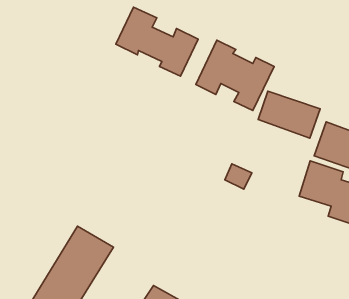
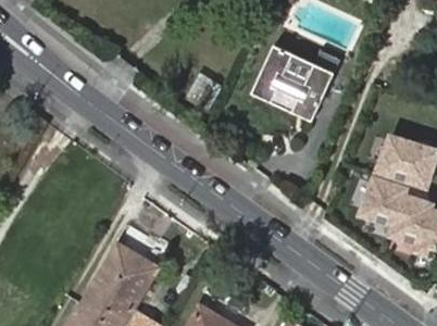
building: [116,7,198,76] -> none
building: [258,91,320,138] -> none

